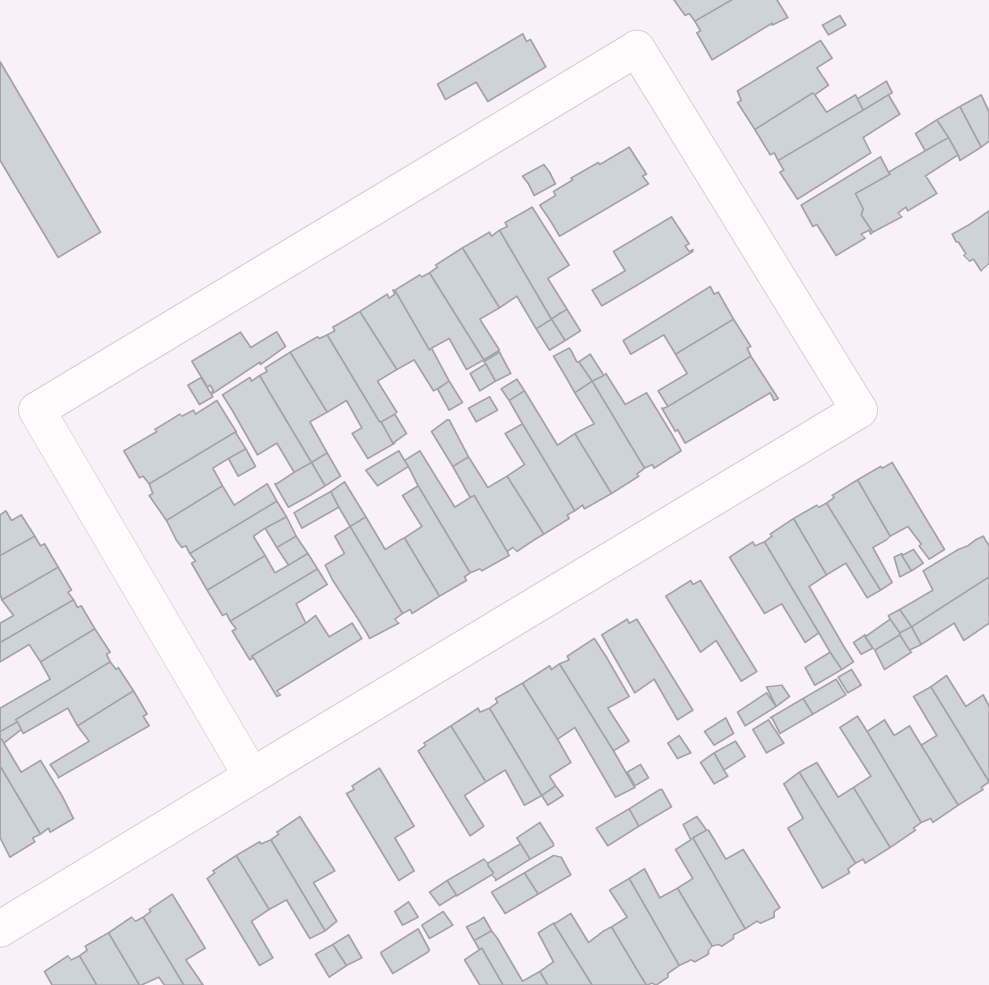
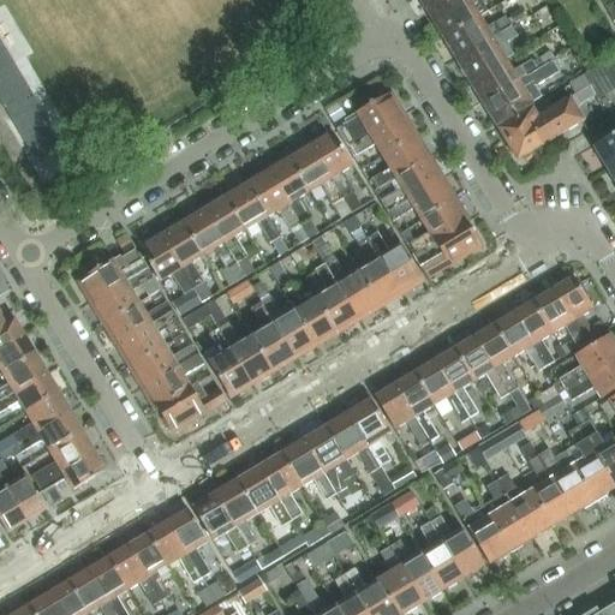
building: none -> [442,14,509,56]
building: [438,34,546,102] -> [350,114,417,156]
building: none -> [380,156,441,211]
building: [192,332,285,394] -> none
building: none -> [554,275,605,341]
building: none -> [435,346,477,417]
building: none -> [395,370,437,441]
building: none -> [36,450,106,506]
building: none -> [235,466,292,526]
building: none -> [191,492,247,553]
building: none -> [454,498,510,562]
building: none -> [107,545,161,605]

